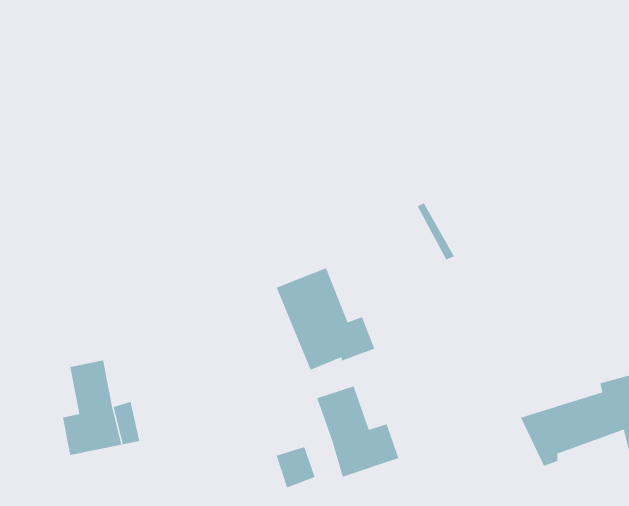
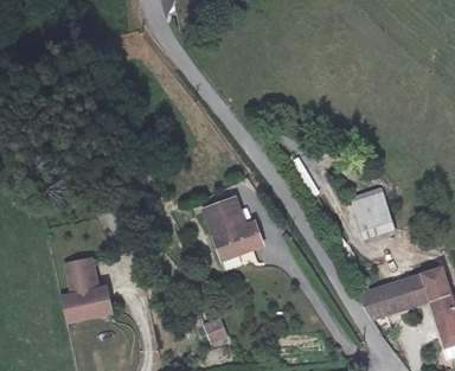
building: none -> [351,184,395,239]
building: [317,385,399,477] -> none

